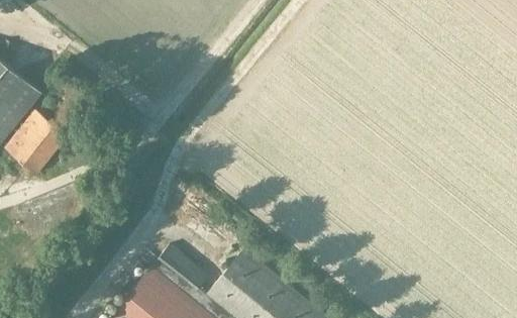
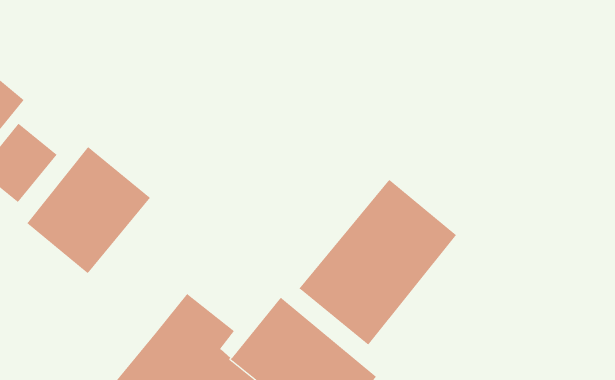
building: none -> [26,146,151,274]
building: none -> [299,179,457,346]

